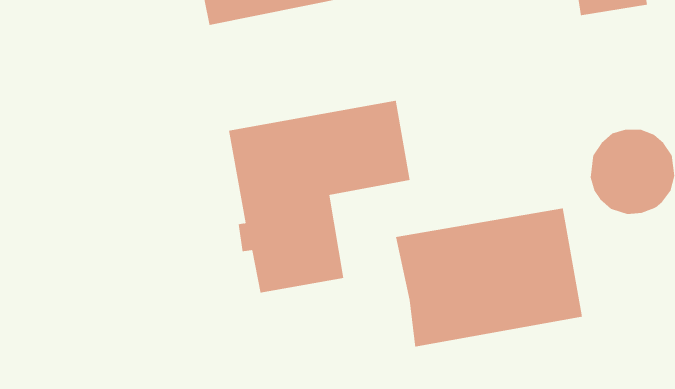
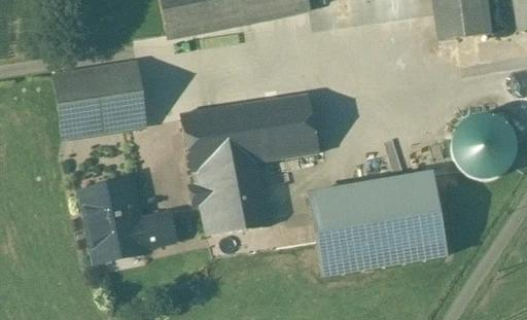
building: none -> [52,63,147,139]
building: none -> [80,181,174,263]

